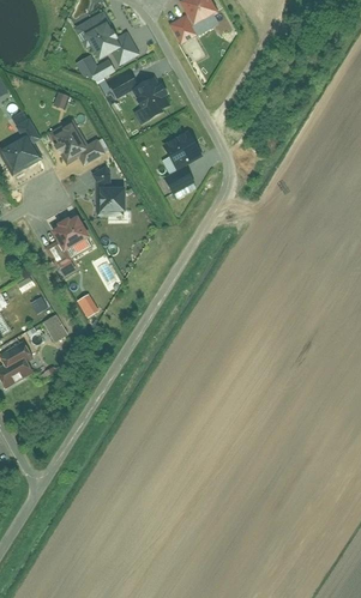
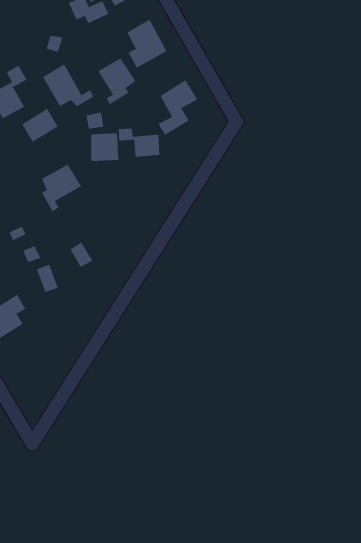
building: none -> [98,57,136,105]
building: none -> [21,108,59,142]
building: none -> [118,128,160,157]

